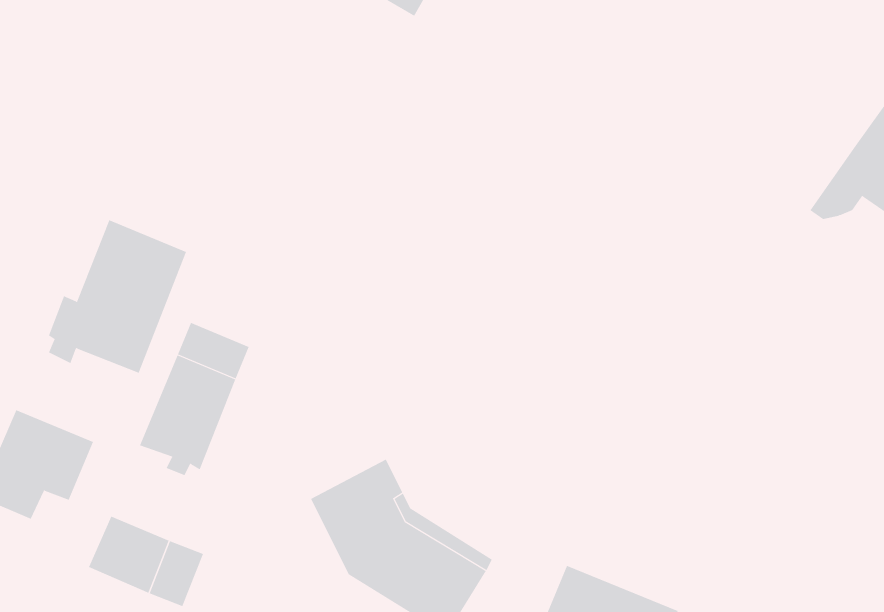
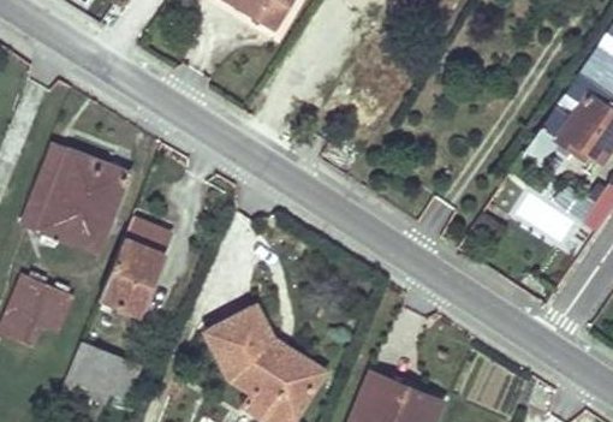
building: none -> [24,145,81,228]

